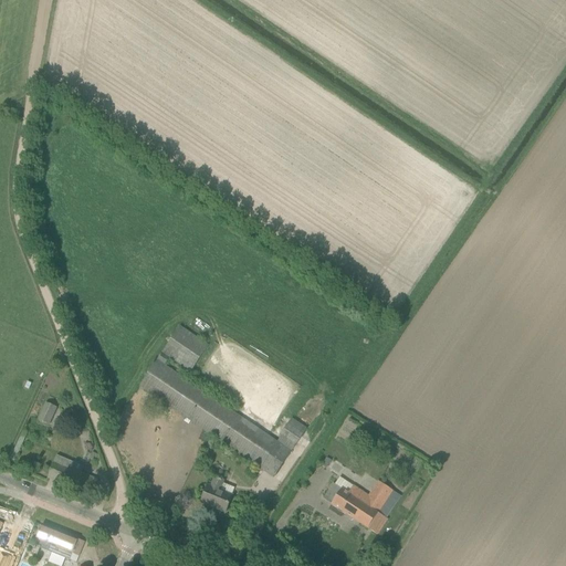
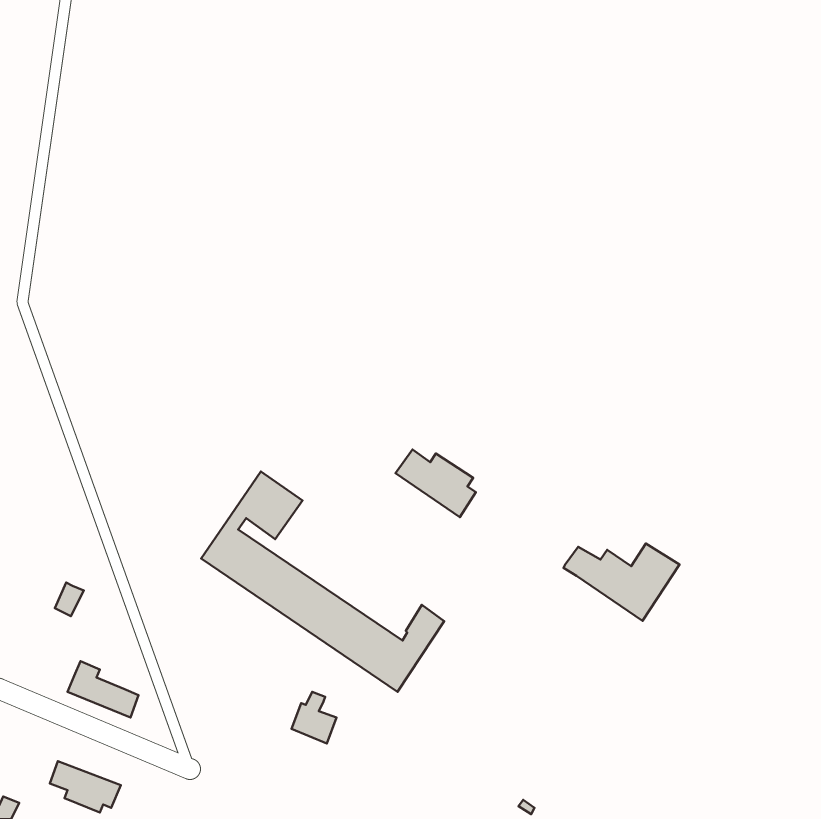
building: none -> [395,450,476,517]
building: [322,480,401,533] -> [564,544,680,621]

